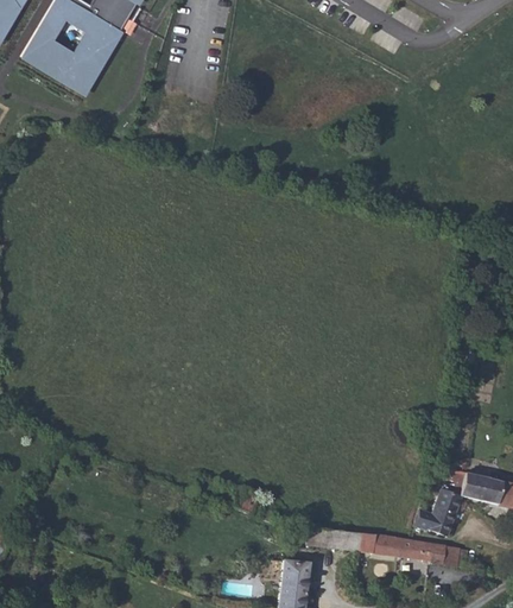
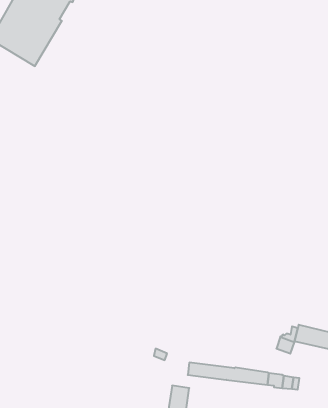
building: [426,506,455,536] -> none

